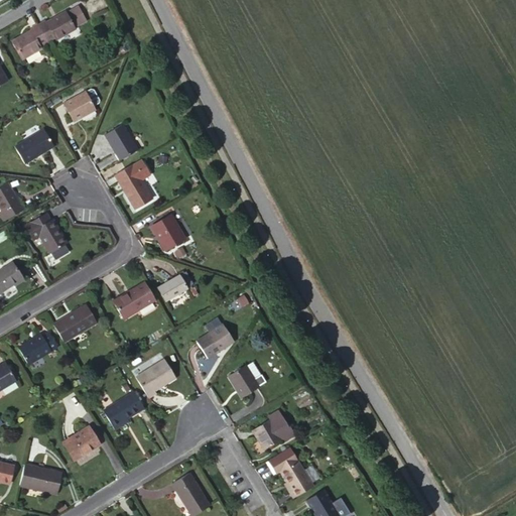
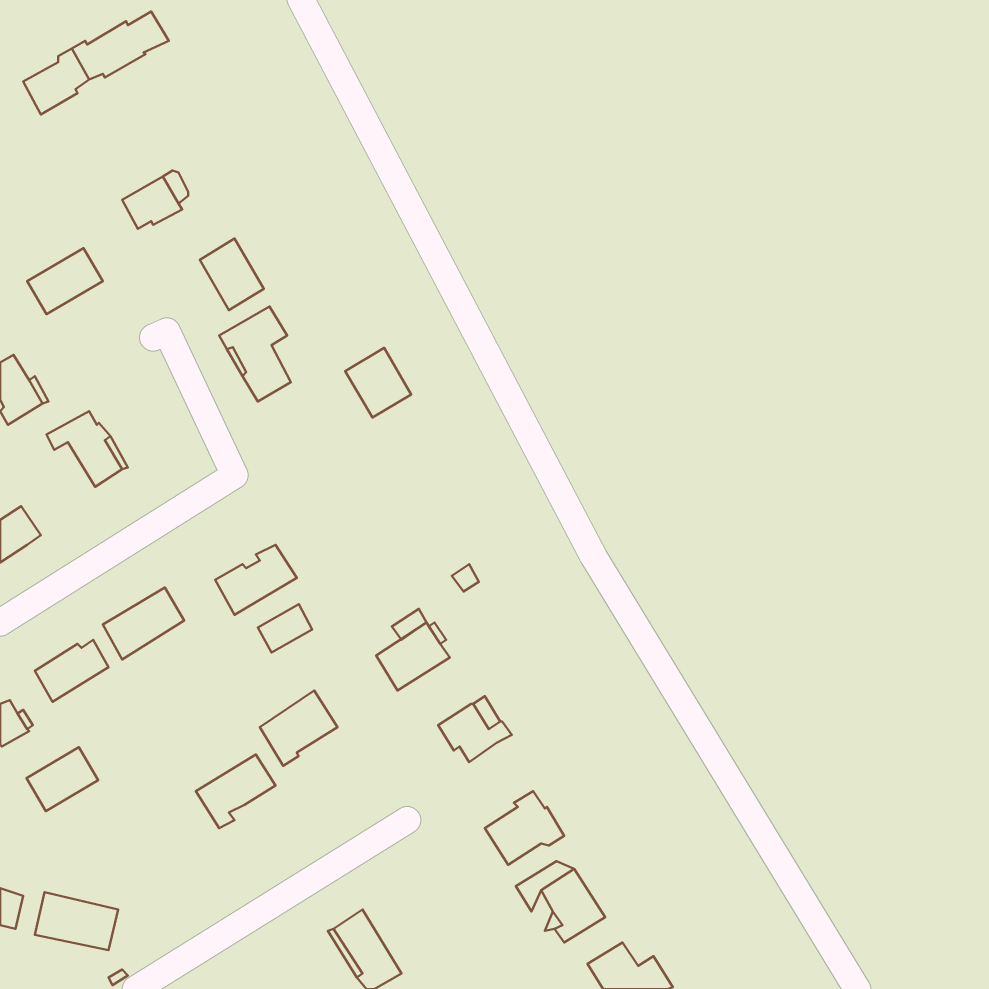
building: [151,215,185,251] -> [345,348,411,418]
building: [159,275,187,300] -> [258,604,312,653]
building: [63,426,101,460] -> [26,747,98,811]

